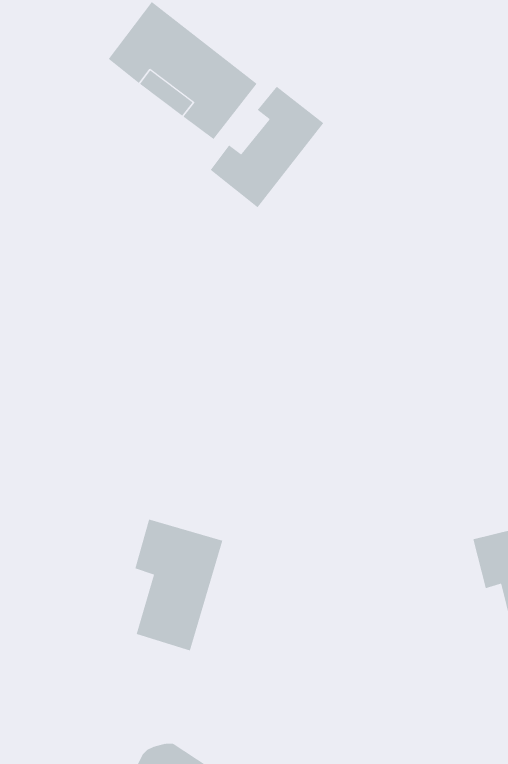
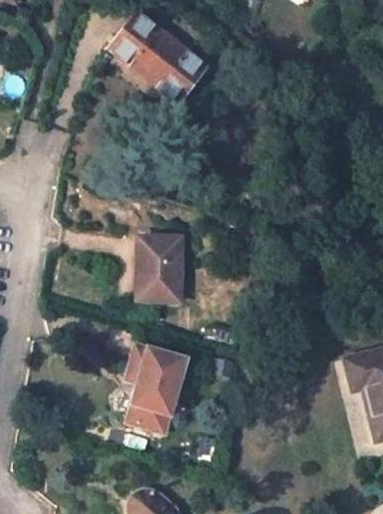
building: [210,86,324,208] -> none
building: none -> [137,237,180,304]

